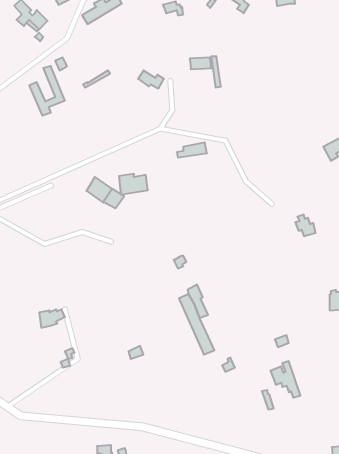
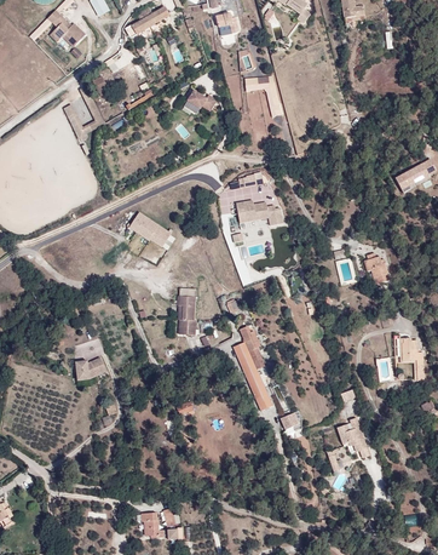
building: [119,174,148,194] -> [236,200,269,223]
building: none -> [177,296,196,334]

